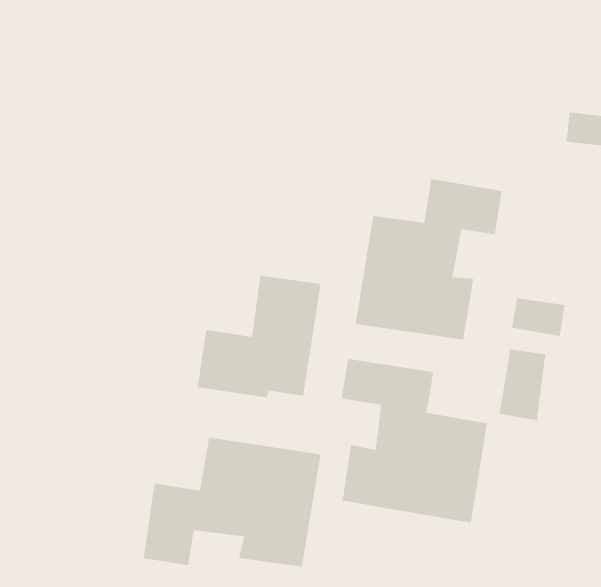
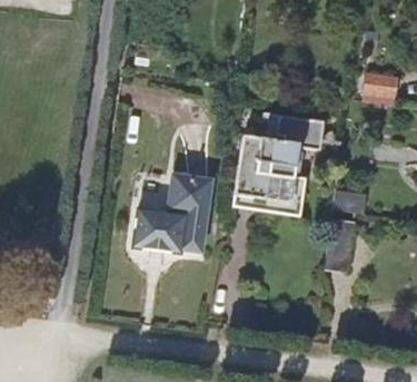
building: [341,358,487,524] -> none
building: [143,437,321,568] -> none

